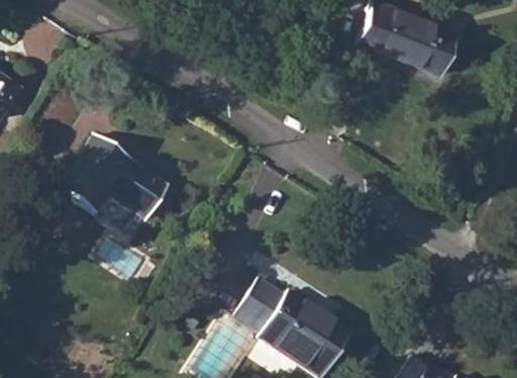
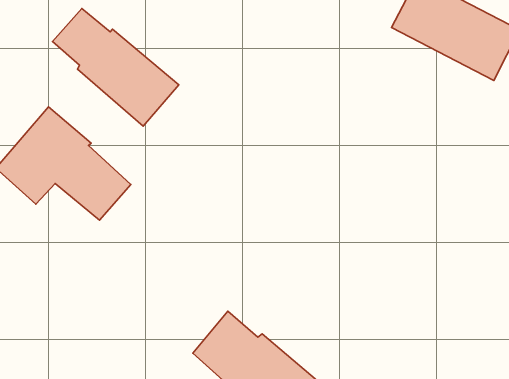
building: none -> [52,8,179,126]

